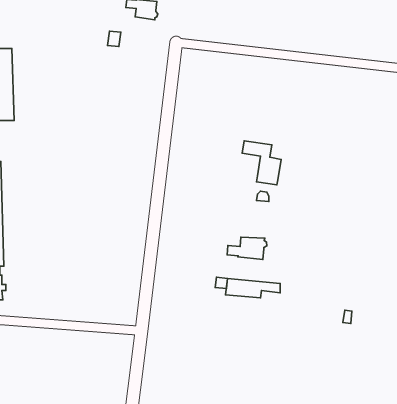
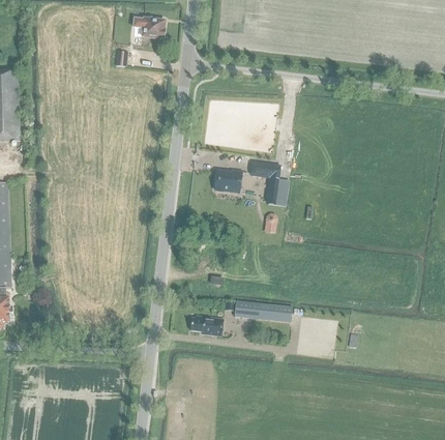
building: none -> [212,171,240,193]
building: [227,237,267,259] -> none
building: none -> [189,316,221,335]

